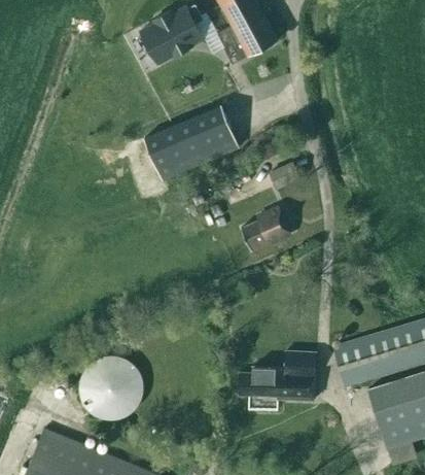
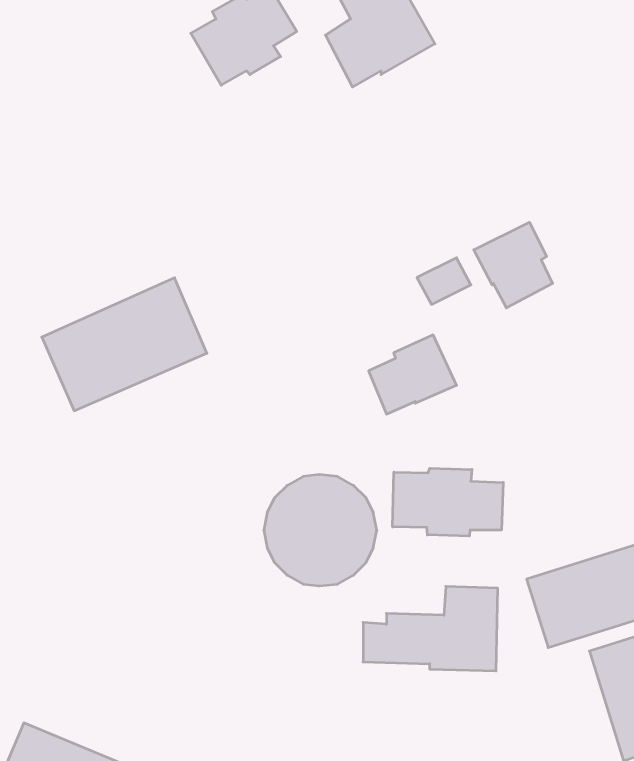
building: [145,104,240,180] -> [42,278,207,411]
building: none -> [474,222,553,308]
building: none -> [393,468,503,536]
building: [80,355,145,419] -> [264,475,377,586]

